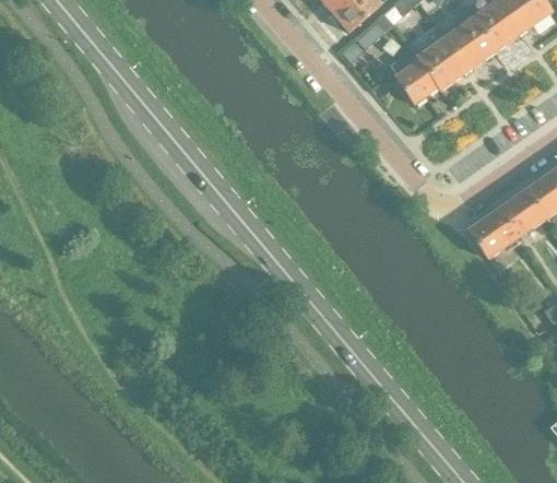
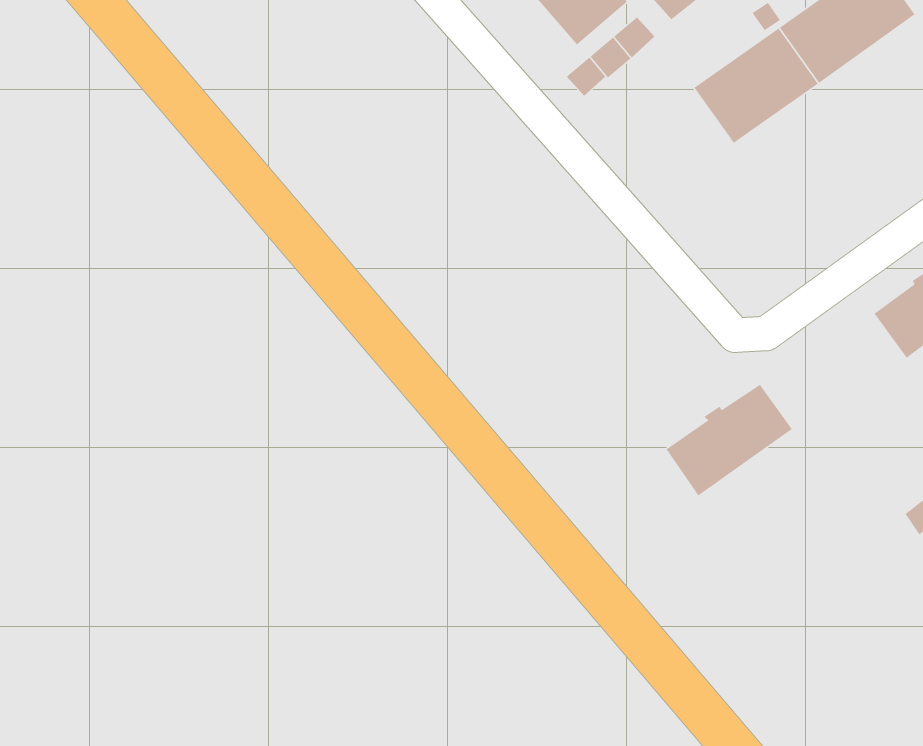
building: [396,57,440,102] -> none
building: [470,189,546,257] -> [665,384,793,497]

